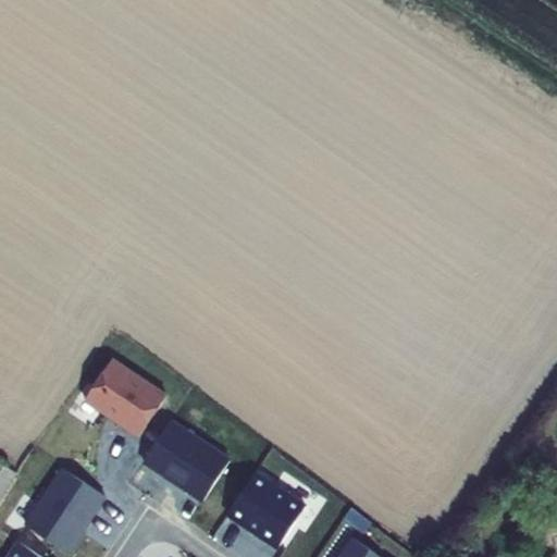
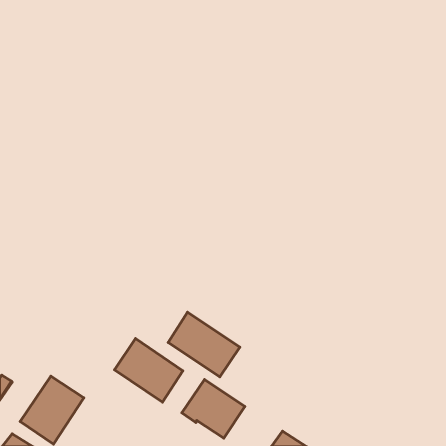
building: [84,358,165,436] -> none
building: none -> [168,312,240,377]

